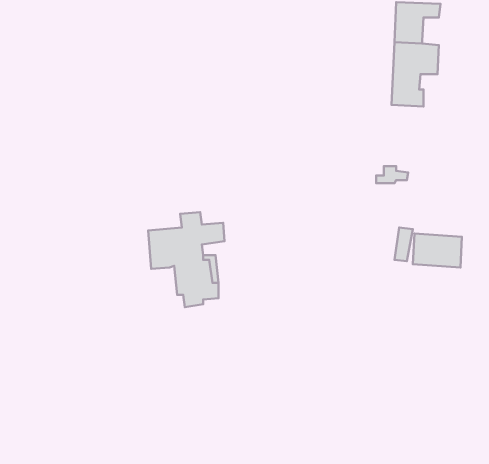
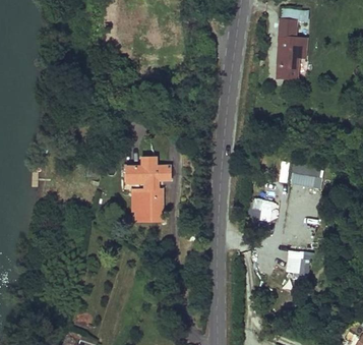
building: none -> [251,199,273,222]
building: none -> [286,250,307,276]

